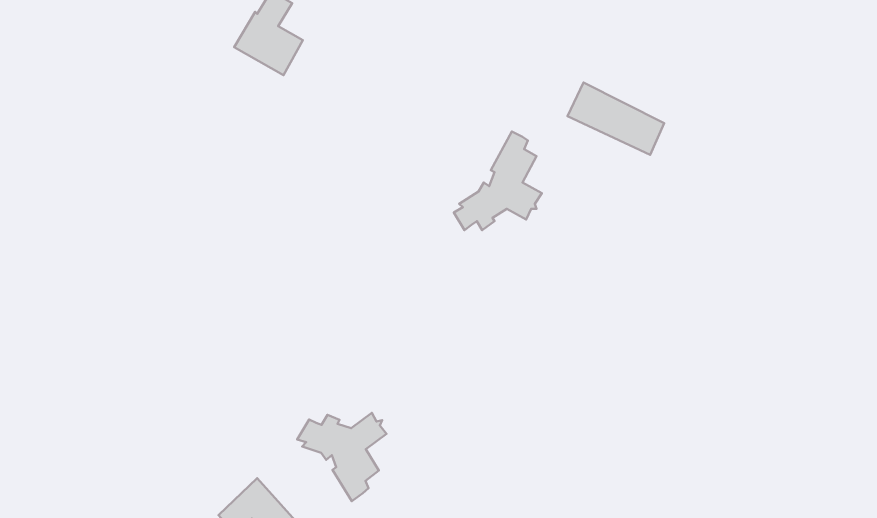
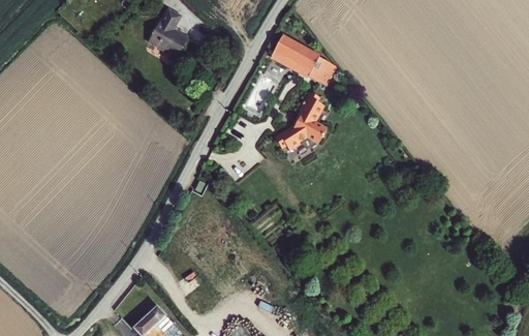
building: [568,83,664,155] -> [269,38,325,81]
building: [297,413,386,501] -> none

